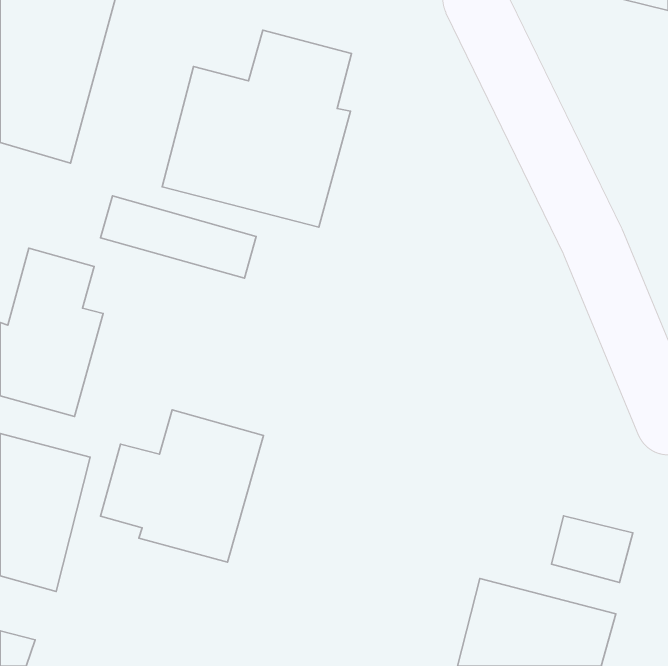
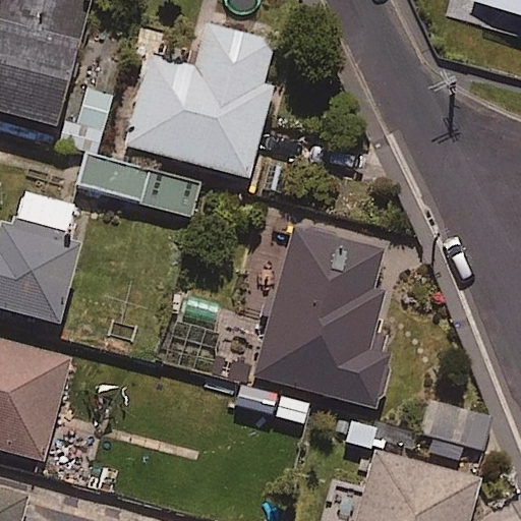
building: none -> [253,226,396,409]
building: [100,410,263,562] -> none

